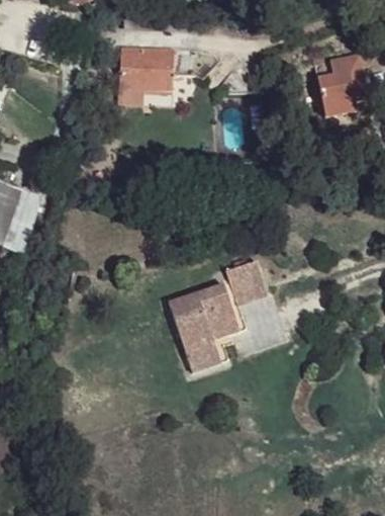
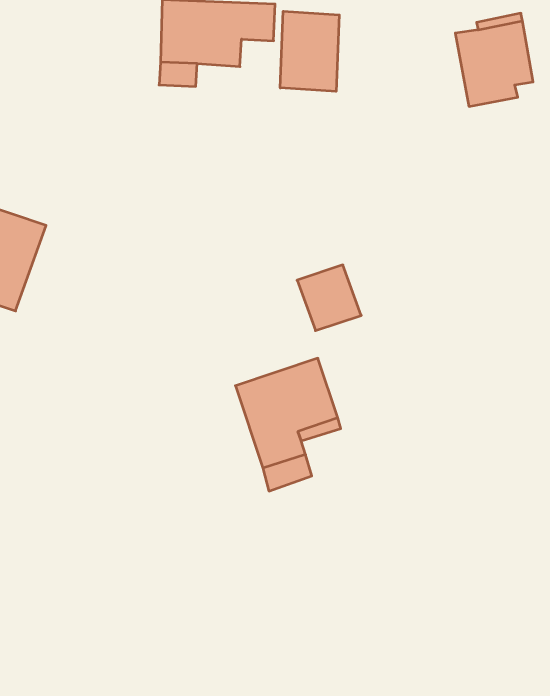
building: none -> [280,11,339,91]
building: [225,260,268,304] -> [297,265,361,331]

